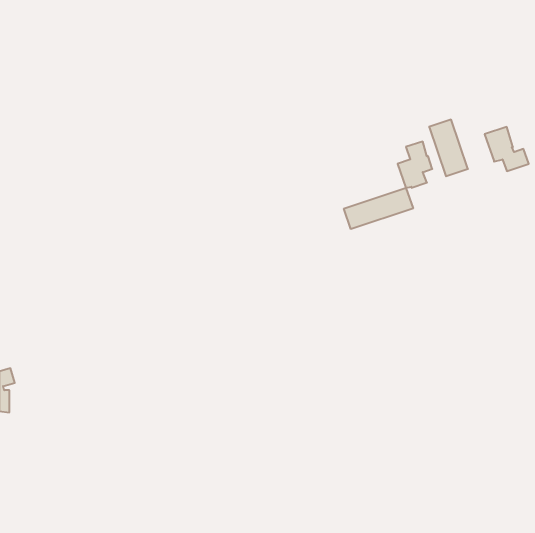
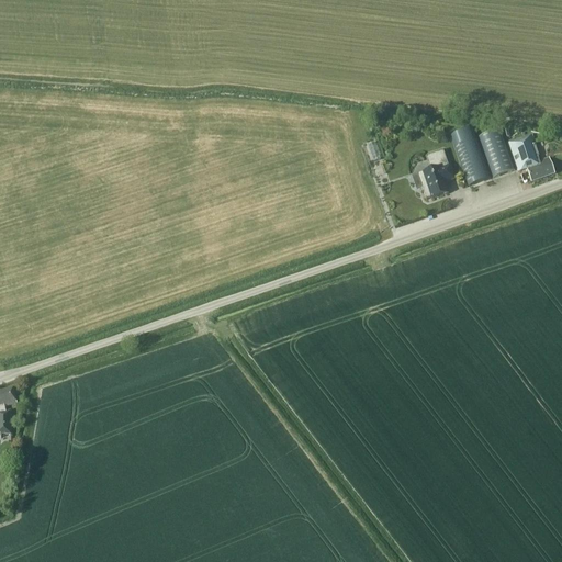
building: none -> [476,127,514,176]
building: [344,188,413,229] -> none

